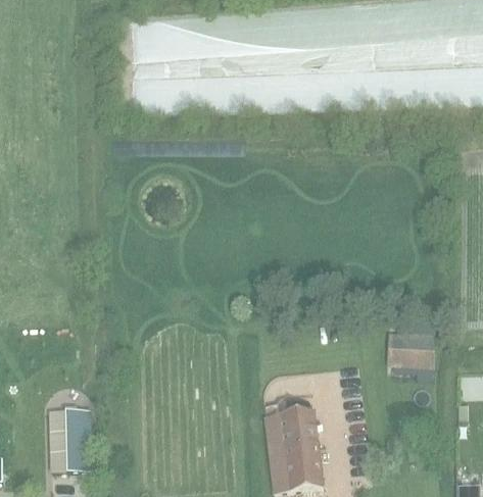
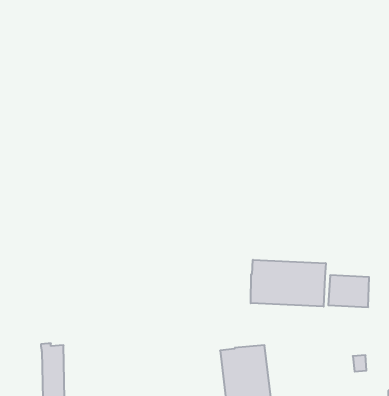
building: none -> [251,260,326,307]

